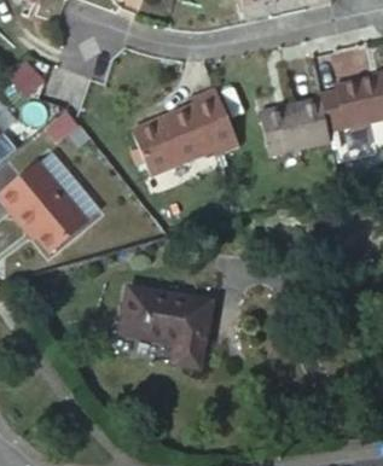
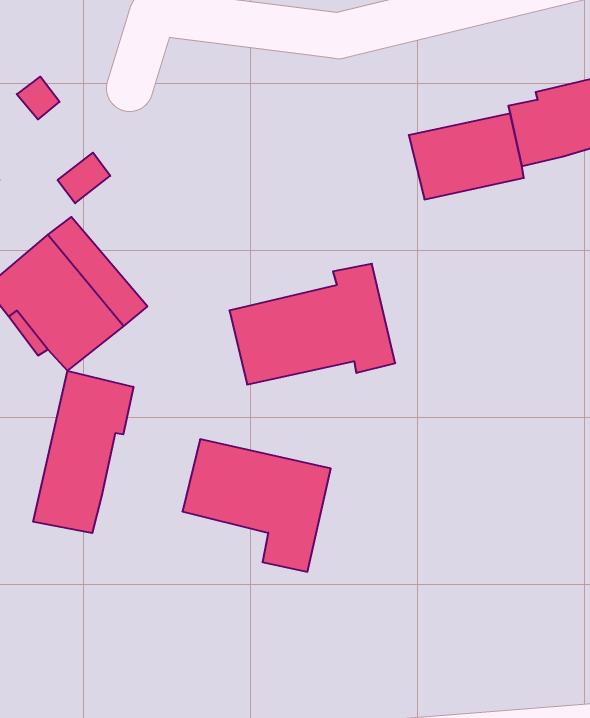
building: [126,88,228,163] -> [229,264,395,385]
building: none -> [33,371,133,533]

